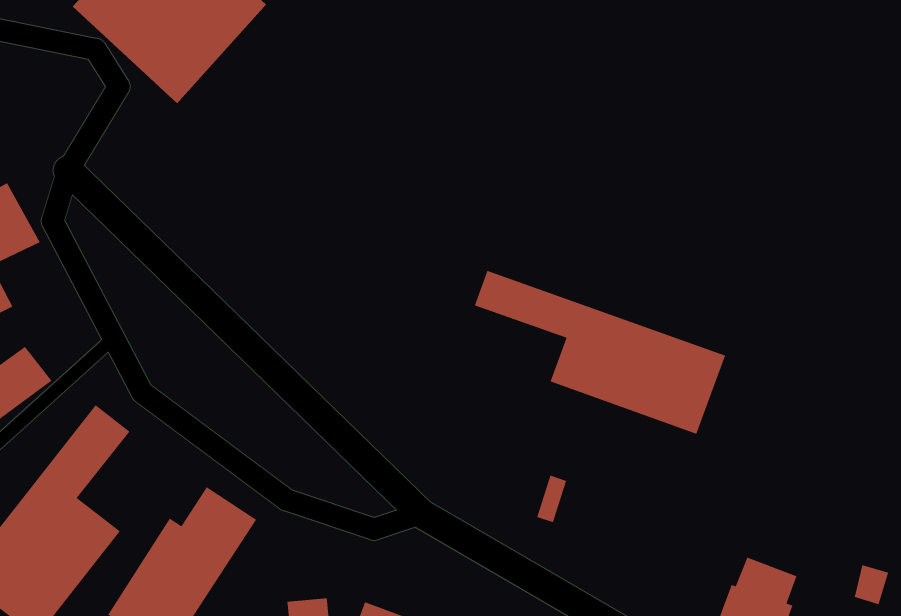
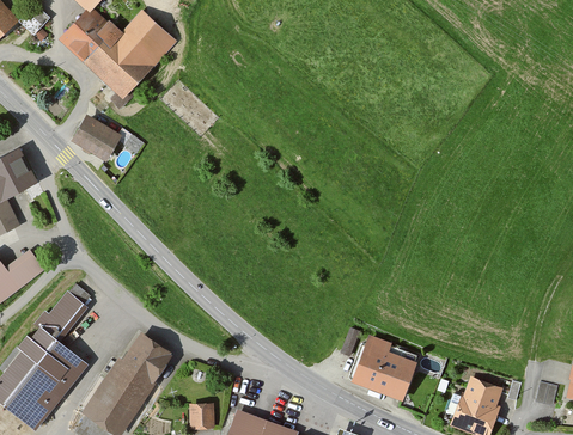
building: none -> [71,116,121,163]
building: [474,270,726,435] -> none
building: none -> [352,336,415,400]

